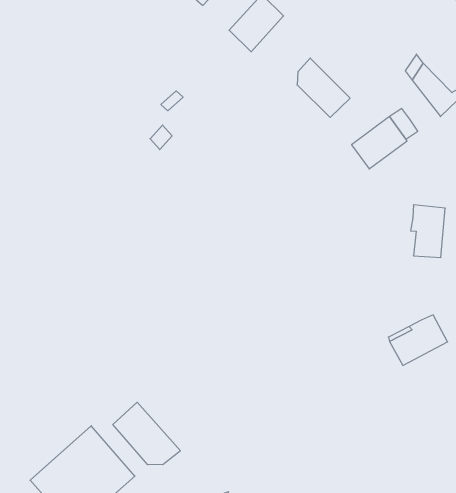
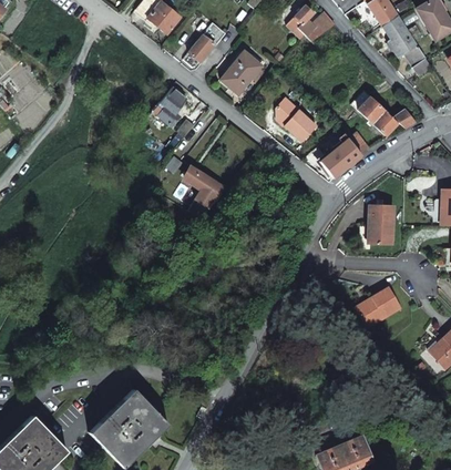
building: none -> [152,89,185,126]
building: none -> [183,167,223,215]
building: [113,402,180,465] -> none

